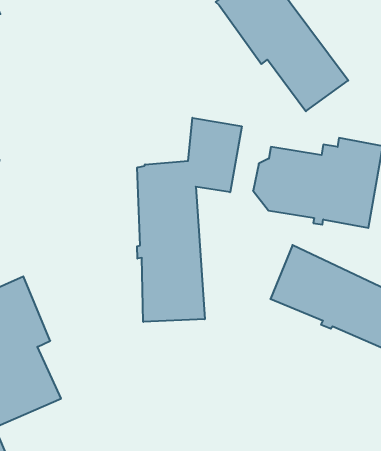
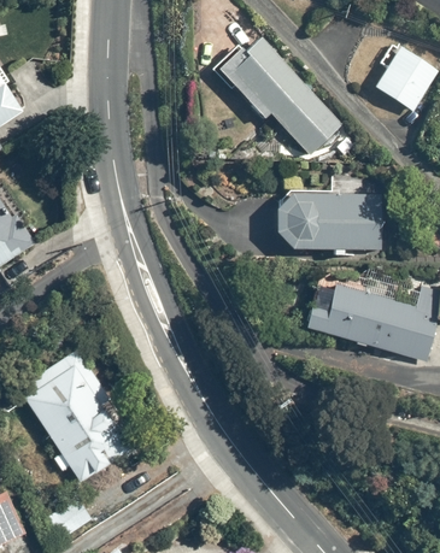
building: [137,118,242,322] -> none

